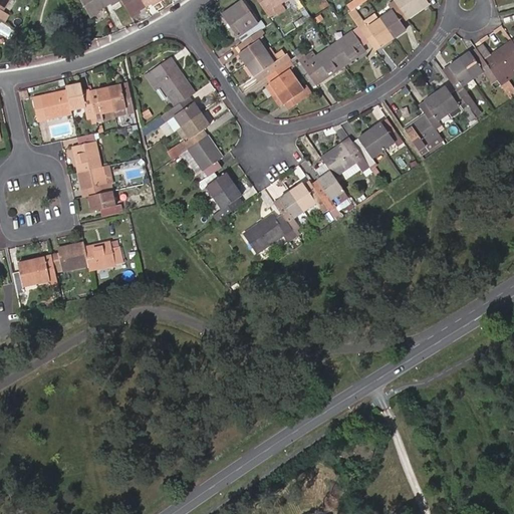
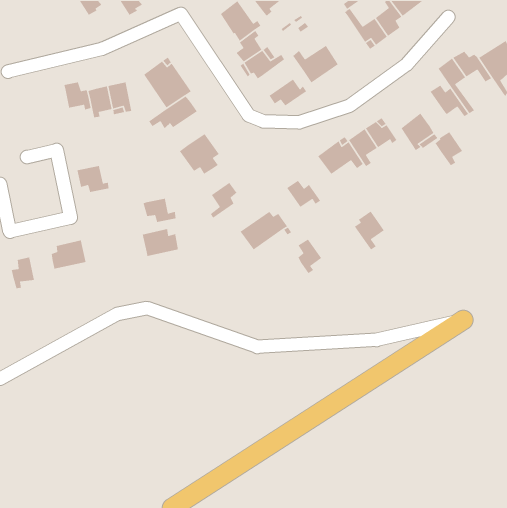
building: [330,16,367,65] -> none
building: [265,60,297,96] -> none
building: [33,89,71,119] -> none
building: [420,92,449,127] -> [434,131,463,166]
building: [176,112,209,153] -> none
building: [72,133,101,172] -> none
building: [313,170,344,210] -> [354,211,385,250]
building: [198,172,233,197] -> none
building: [279,190,304,226] -> [297,238,322,274]
building: [88,191,122,216] -> [143,198,176,223]
building: [84,241,121,270] -> [142,228,179,257]
building: [31,257,57,284] -> none

